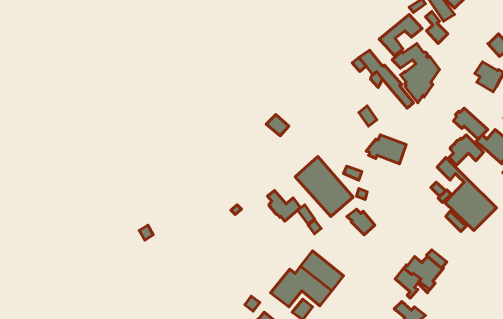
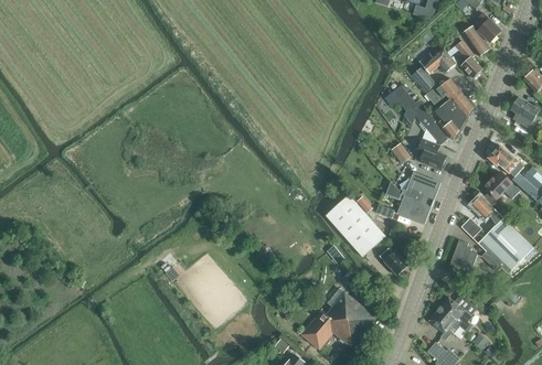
building: none -> [415,138,446,170]
building: none -> [385,182,433,223]
building: [268,190,301,221] -> none
building: none -> [449,239,477,276]

